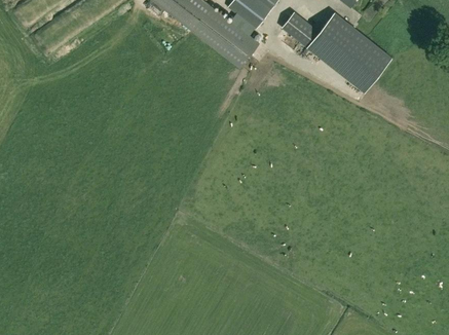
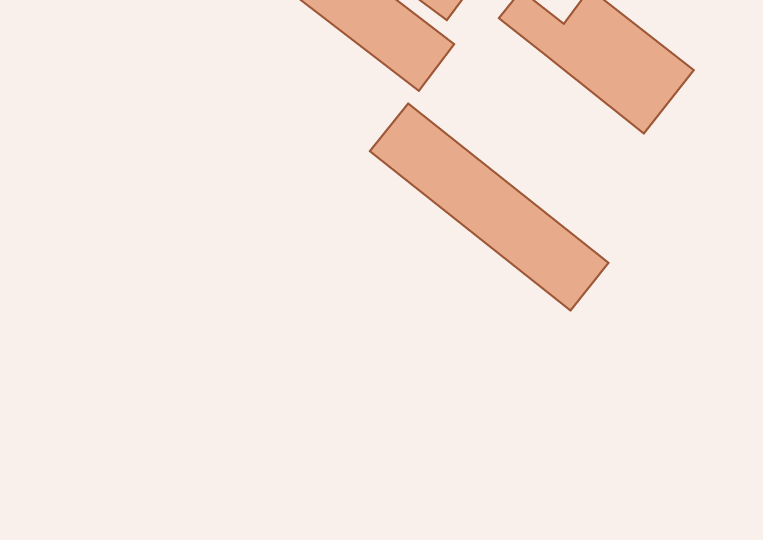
building: none -> [370,104,609,310]

